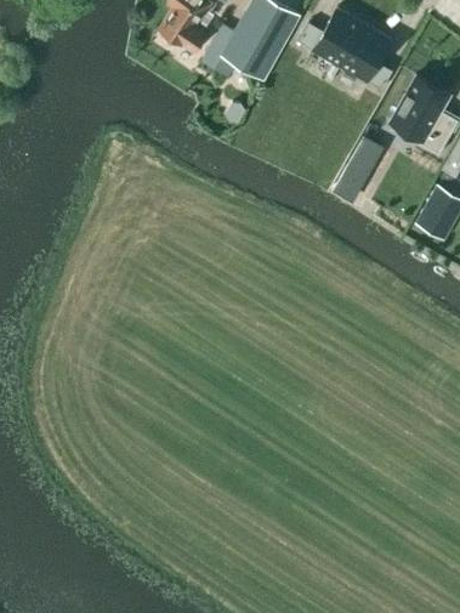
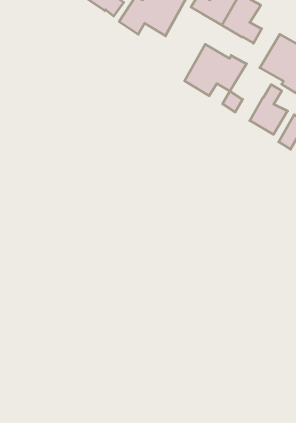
building: none -> [185,44,247,96]
building: none -> [250,85,288,134]

